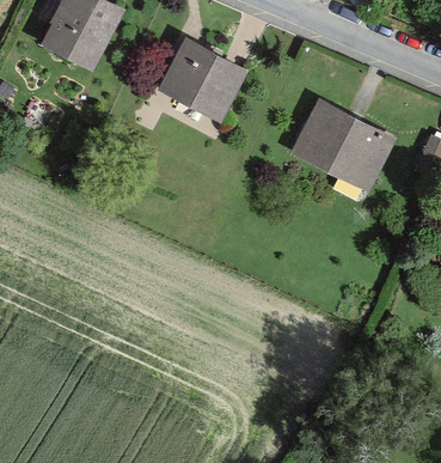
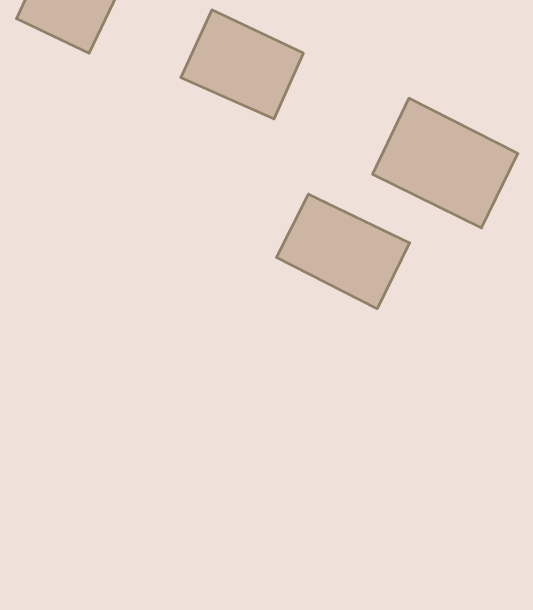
building: none -> [276,194,410,309]

